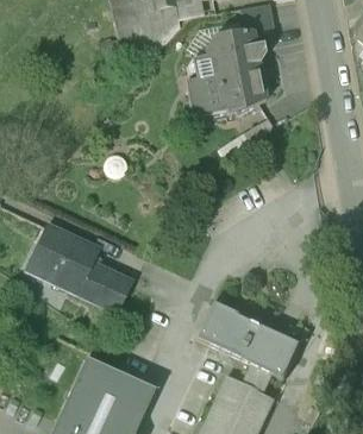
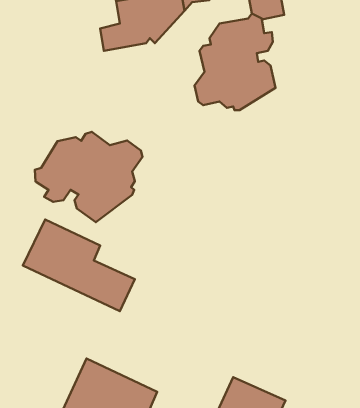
building: none -> [35,132,142,222]
building: [196,301,301,376] -> none

